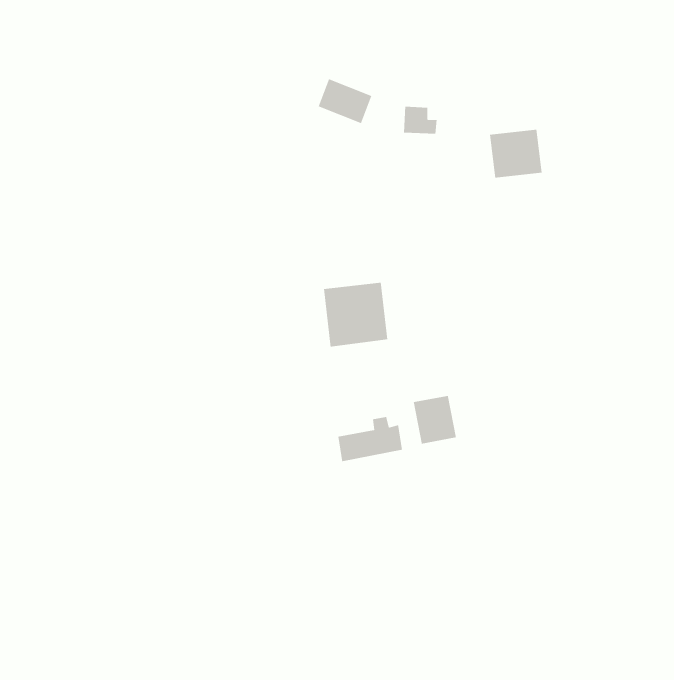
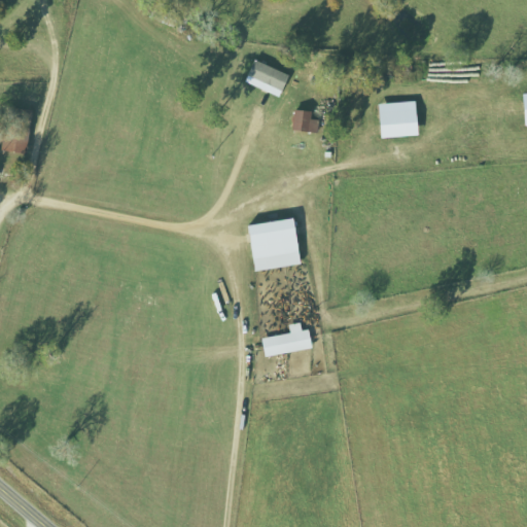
building: [403,106,438,134] -> [291,109,318,131]
building: [413,395,457,444] -> none

